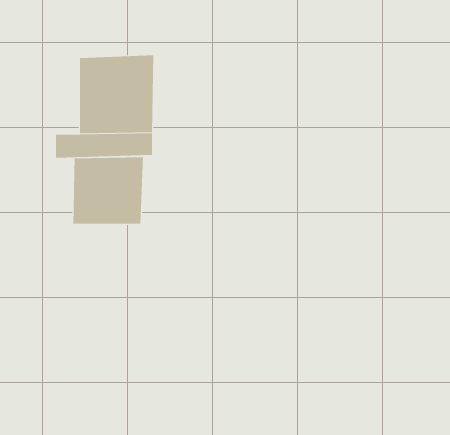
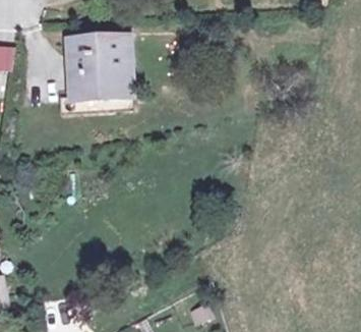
building: [73,156,144,224] -> none

